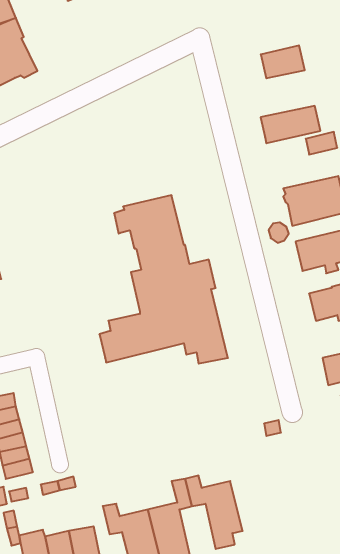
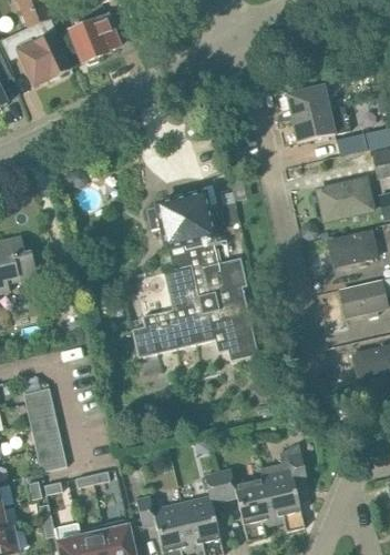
building: none -> [70,14,120,64]
building: [261,45,305,78] -> [286,85,329,118]
building: none -> [261,444,307,532]

